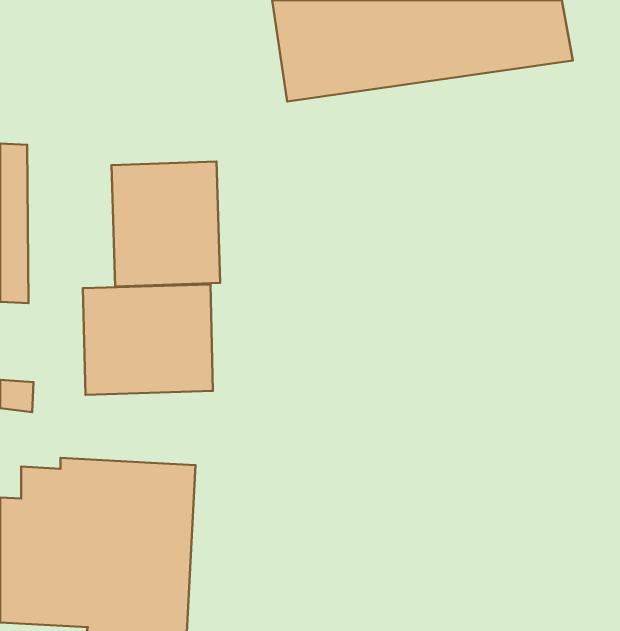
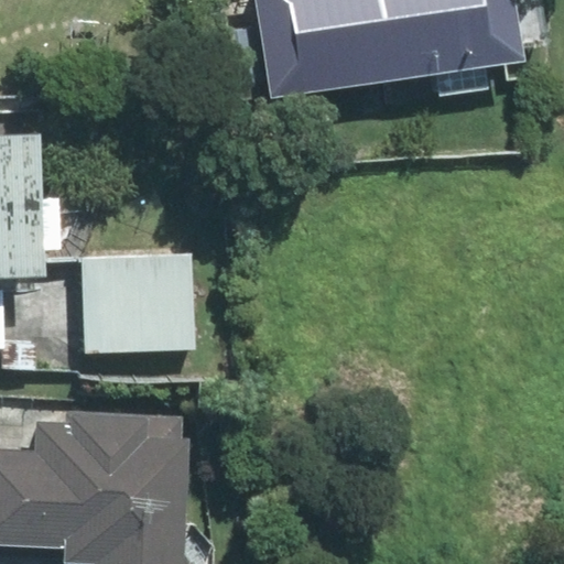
building: [111,161,220,286] -> none

